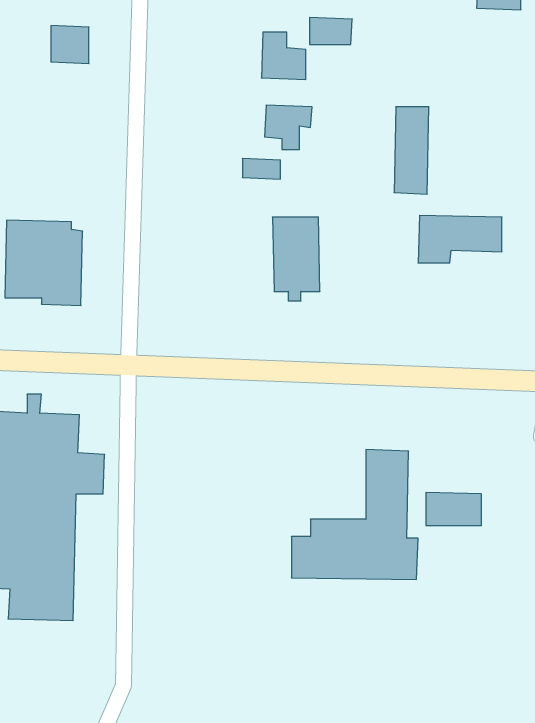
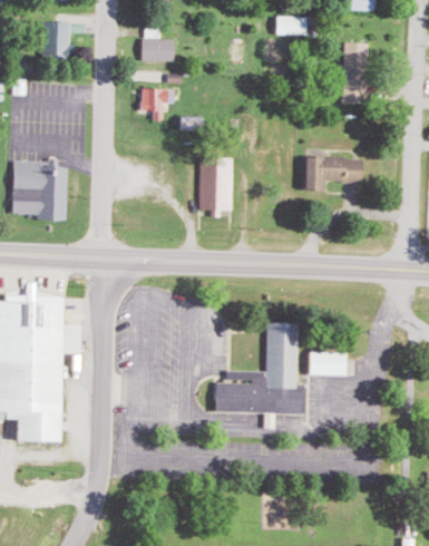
building: [310,17,352,44] -> [276,18,306,37]
building: [261,32,306,80] -> [144,29,175,62]
building: [265,105,312,150] -> [142,90,175,121]
building: [394,107,429,194] -> [344,45,369,106]

